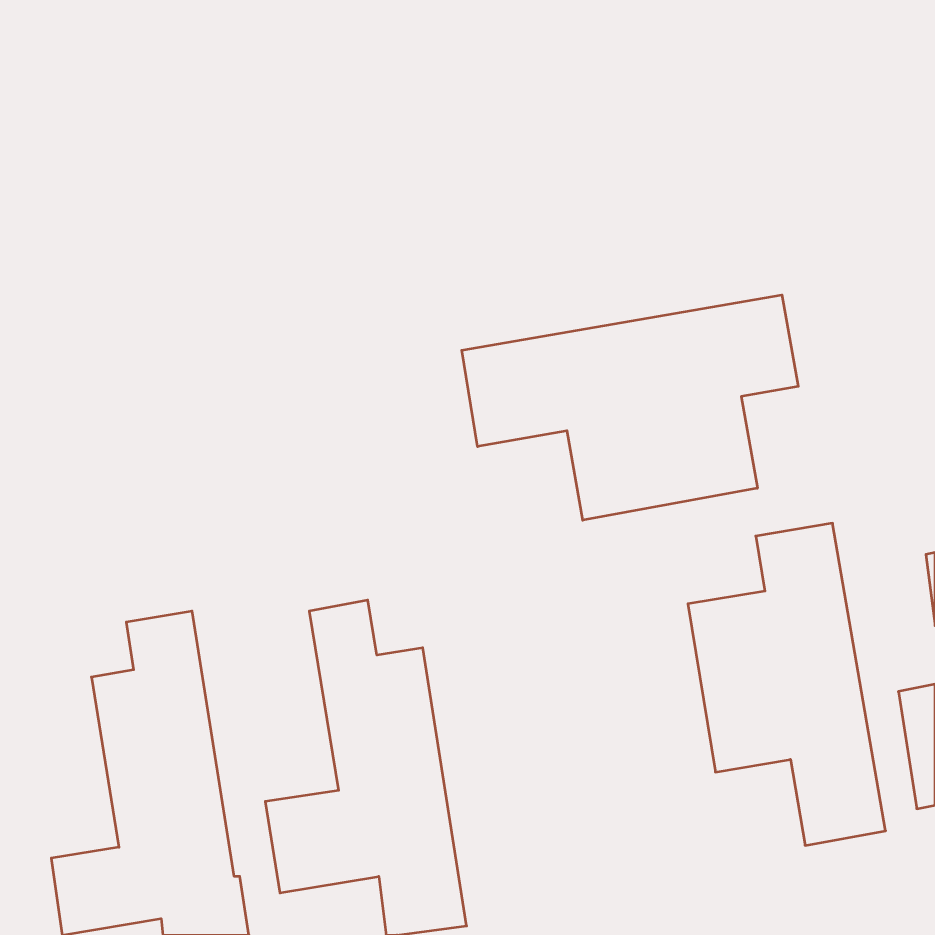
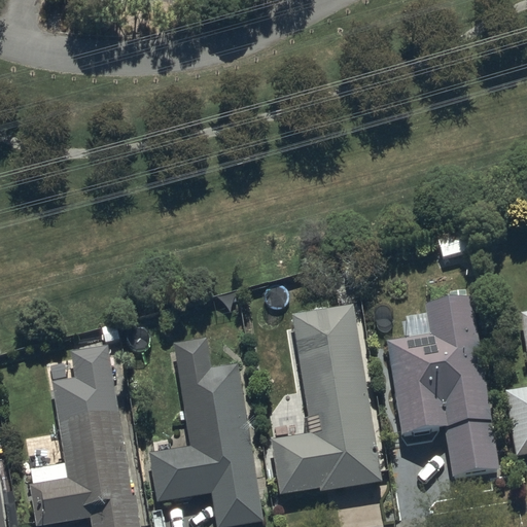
building: [462,295,798,520] -> none
building: none -> [272,304,382,494]

